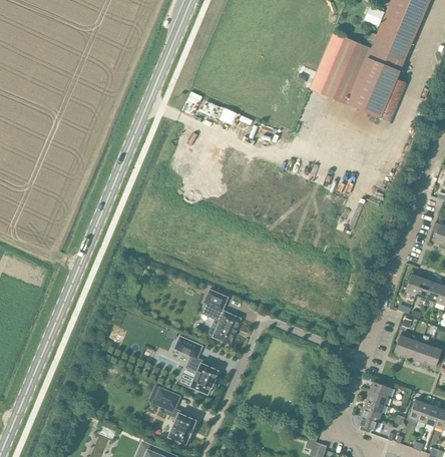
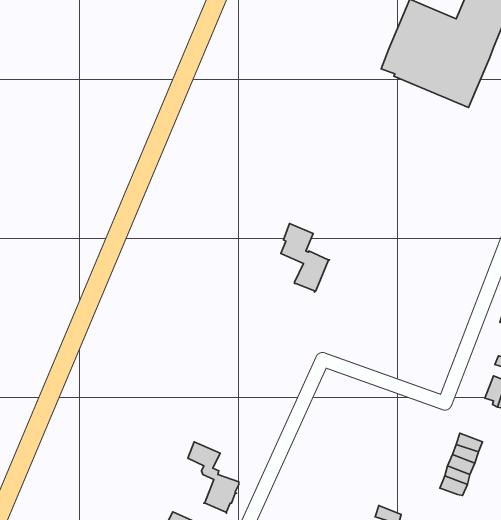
building: [202,289,242,344] -> [281,224,330,292]
building: [174,336,218,394] -> none

